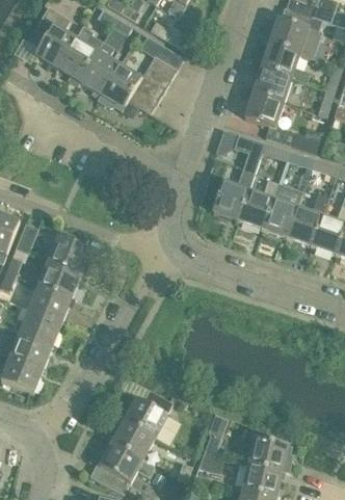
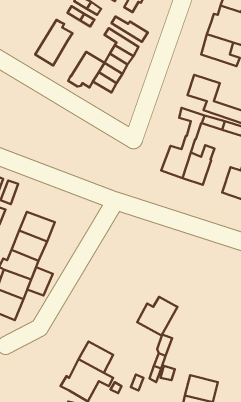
building: [28,6,84,68] -> none
building: [80,42,121,95] -> none
building: [254,68,293,103] -> none
building: [264,186,302,237] -> none
building: [48,231,92,277] -> none
building: none -> [27,267,53,296]
building: [124,389,174,437] -> [137,297,178,336]
building: [248,437,291,471] -> none

